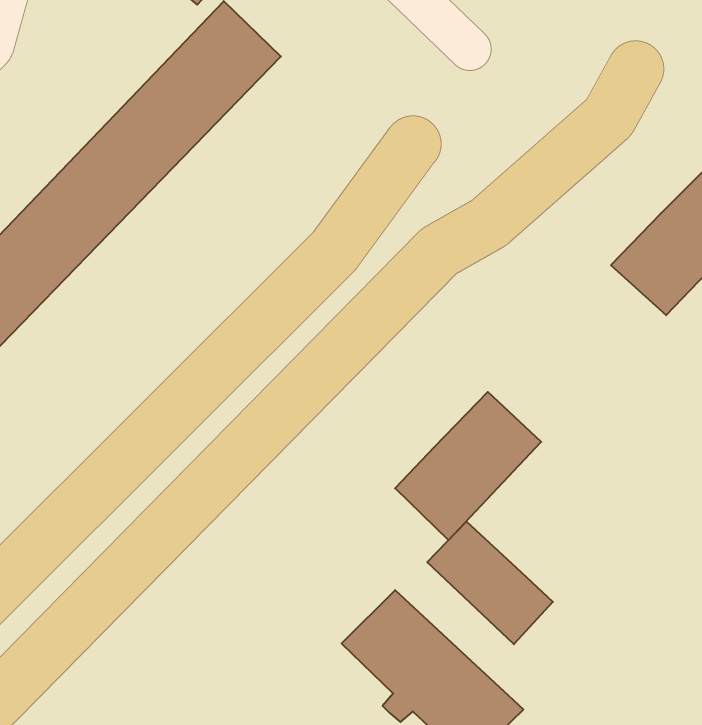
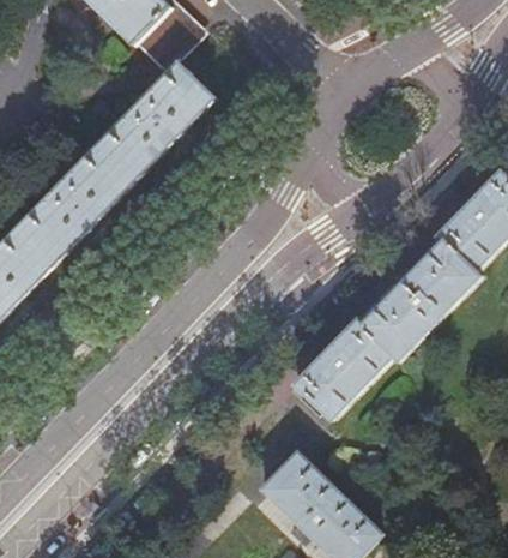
building: none -> [357,235,482,359]
building: [427,521,553,644] -> none

